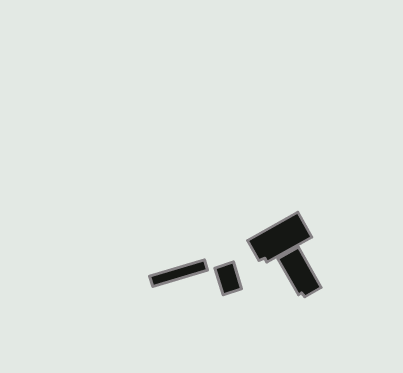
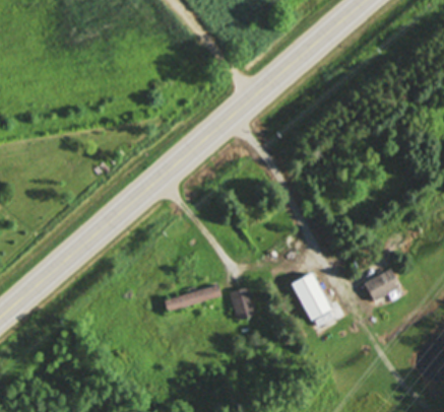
building: [248,212,312,262] -> none
building: none -> [365,268,400,299]

